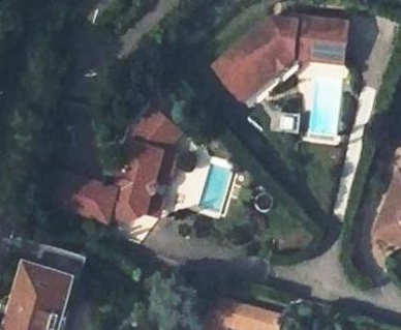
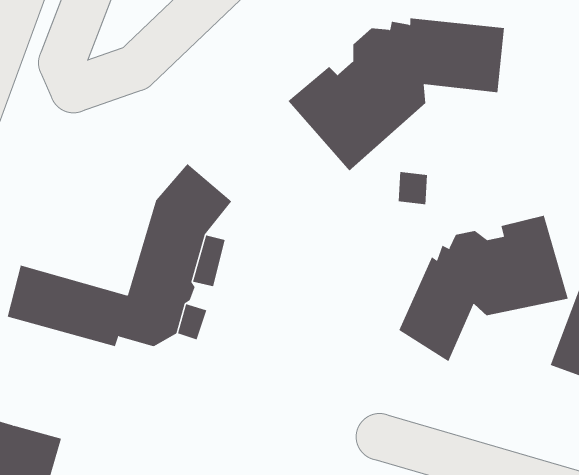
building: none -> [399,215,569,362]
building: [41,245,85,278] -> none

